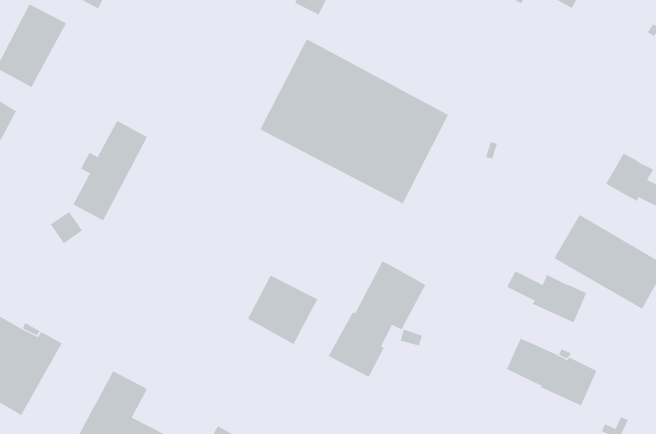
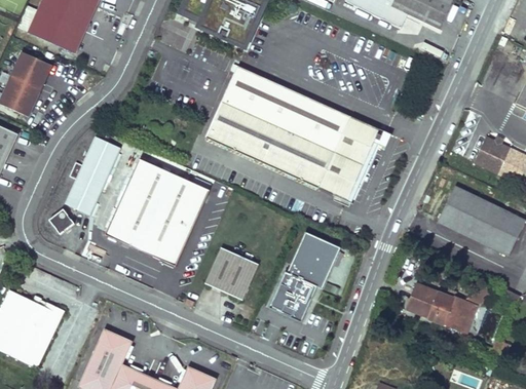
building: none -> [320,116,379,200]
building: none -> [106,158,210,266]
building: [506,270,587,323] -> none

